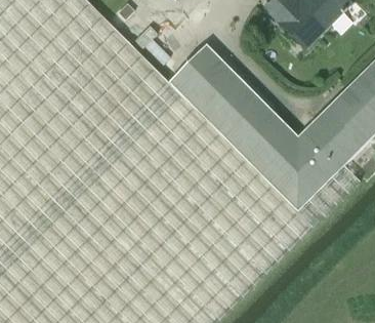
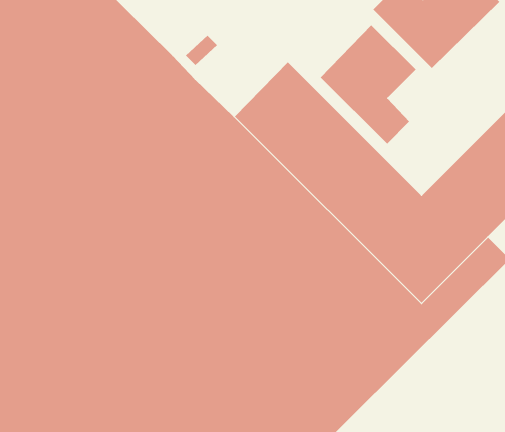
building: none -> [320,24,417,144]

